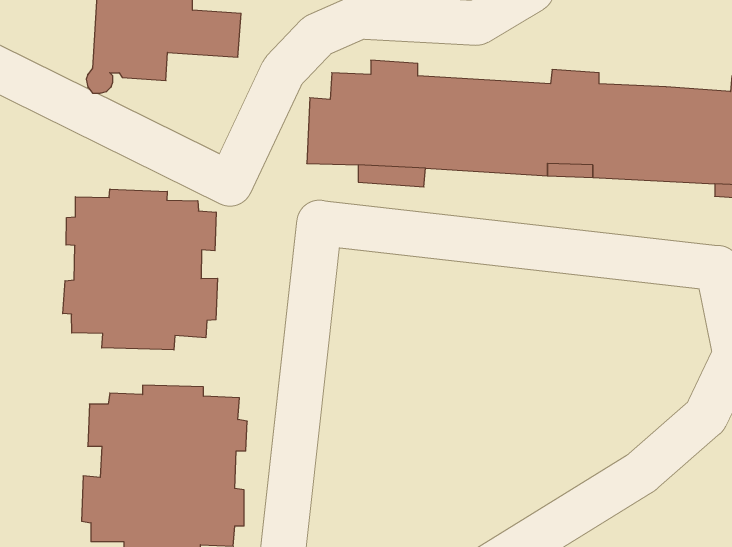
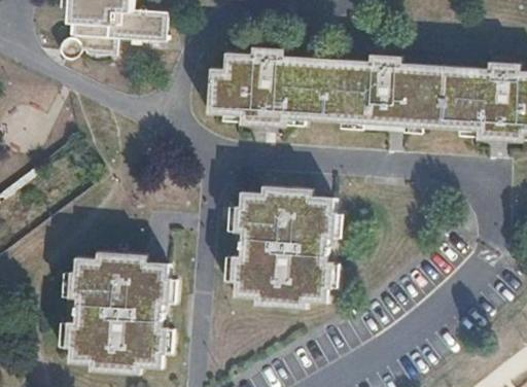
building: [63,189,217,350] -> none
building: none -> [227,186,340,310]

